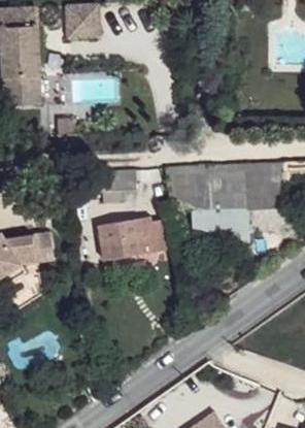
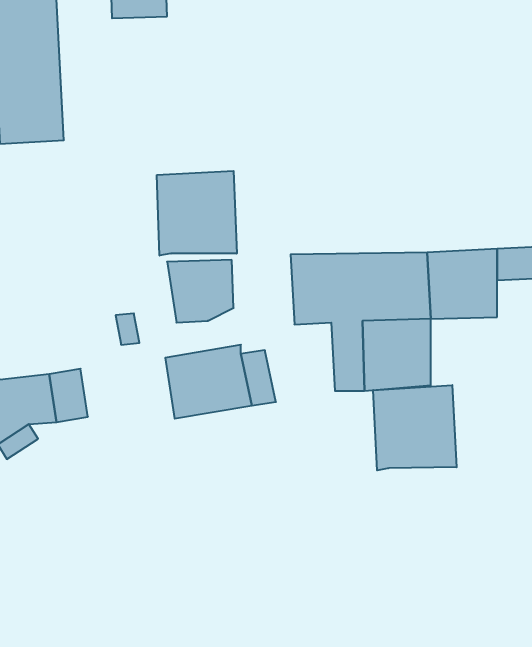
building: none -> [157,171,237,256]
building: none -> [373,385,457,470]

